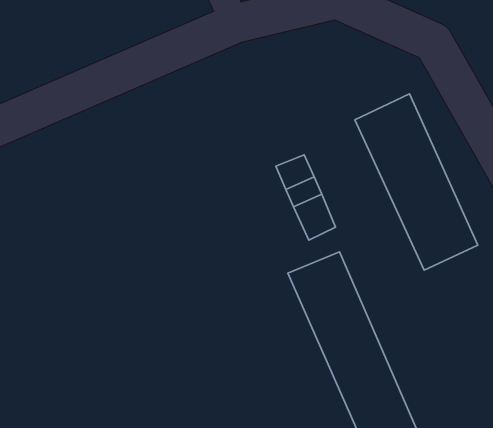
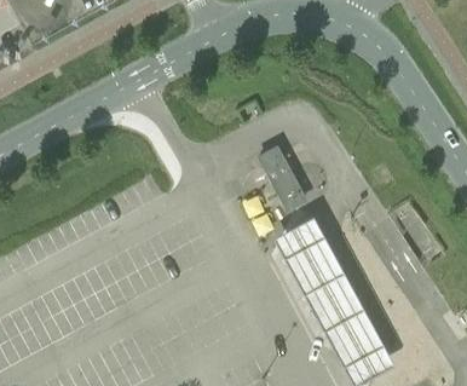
building: [355,94,478,270] -> none

